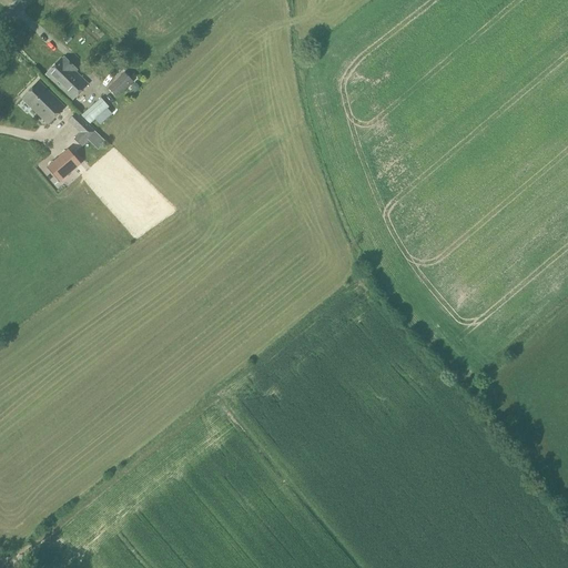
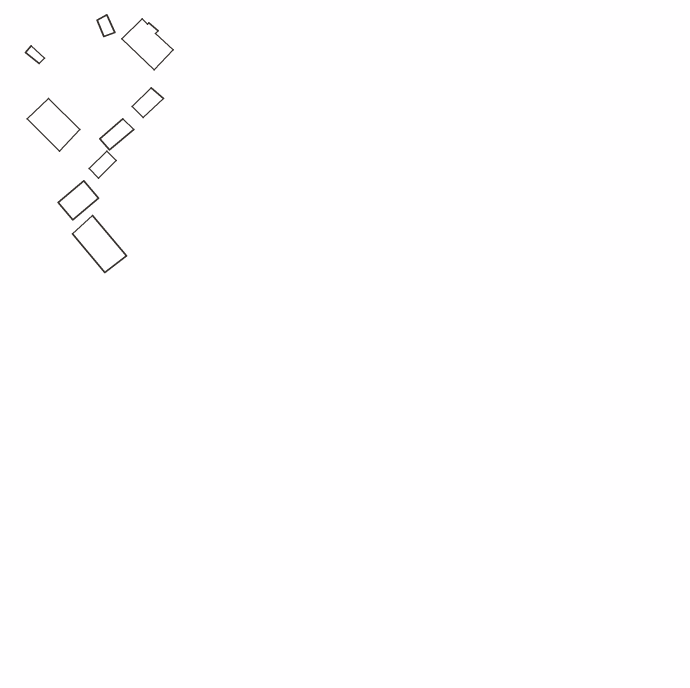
building: [45,58,88,100] -> [122,19,173,70]
building: none -> [72,215,126,272]

